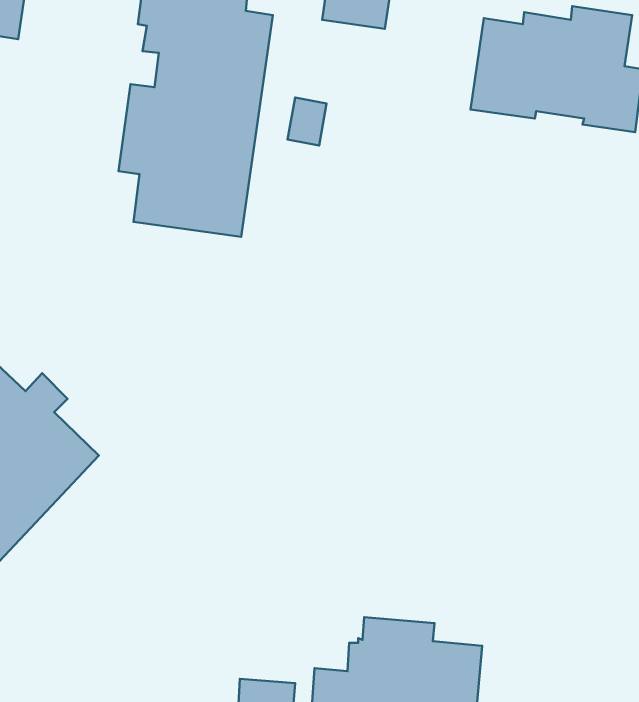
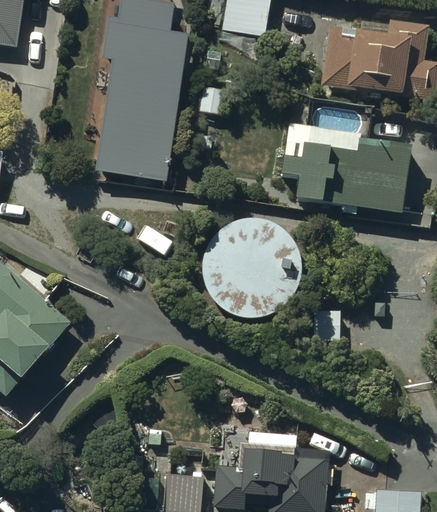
building: none -> [279,121,409,211]
building: none -> [200,220,299,321]

